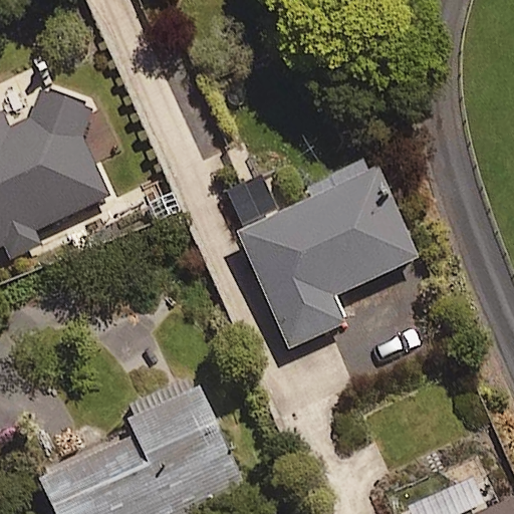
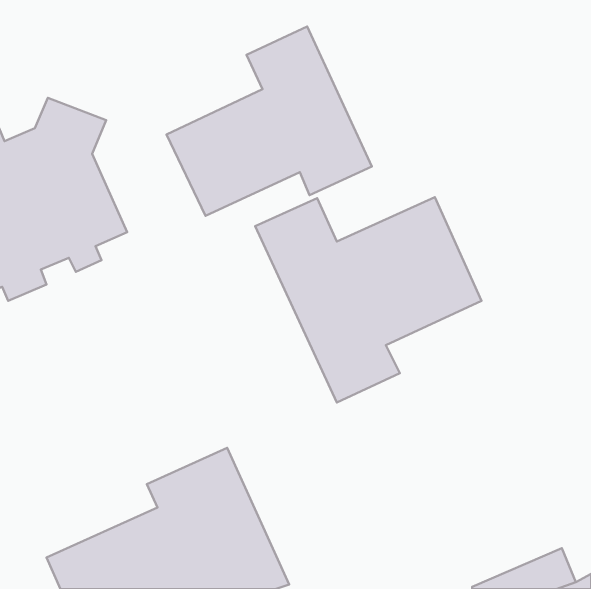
building: none -> [166,26,372,216]

